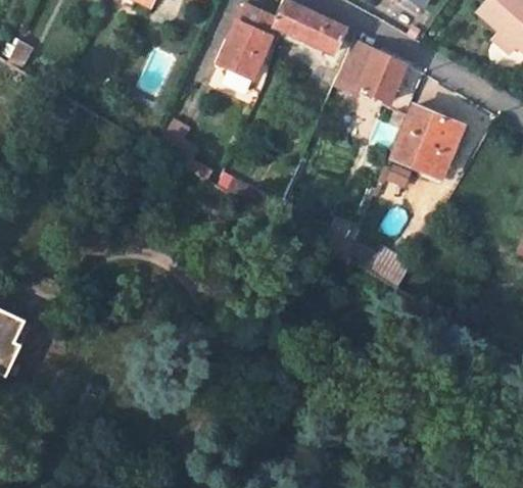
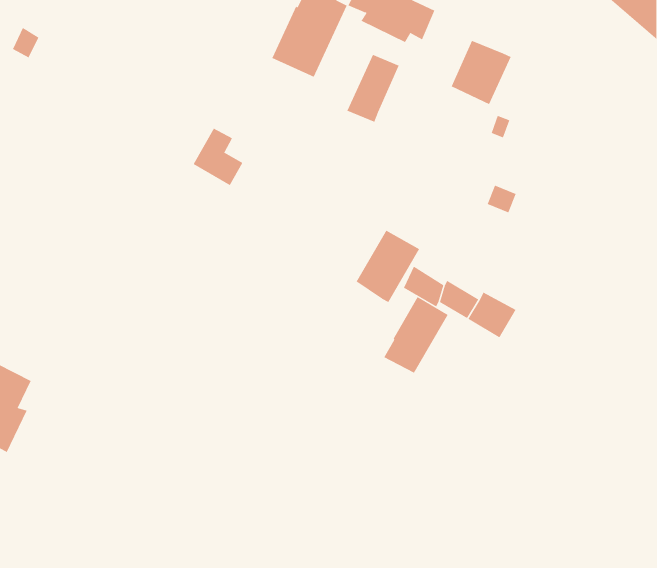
building: [333,41,375,95] -> [347,54,399,122]
building: [394,106,463,175] -> none
building: none -> [356,230,420,303]
building: none -> [384,296,448,373]

